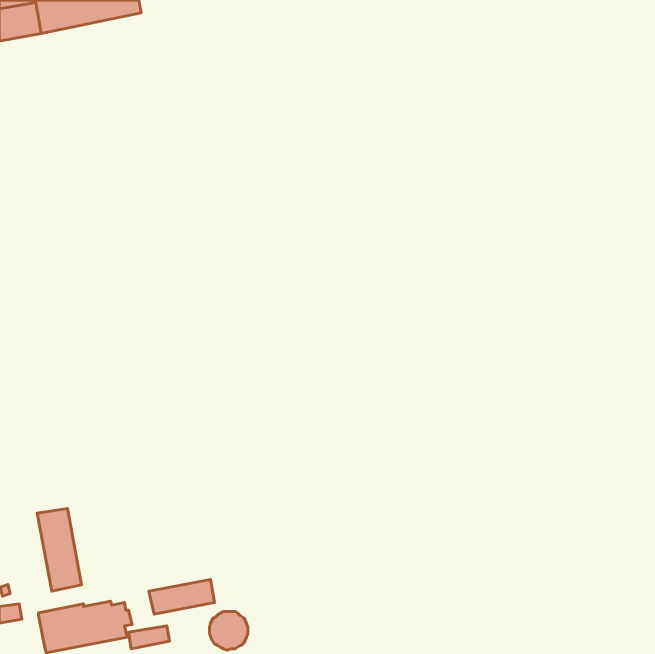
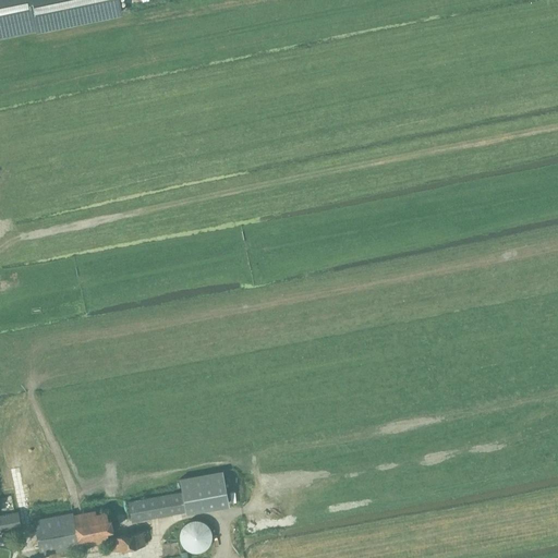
building: [37,508,82,591] -> none
building: none -> [181,469,229,512]

